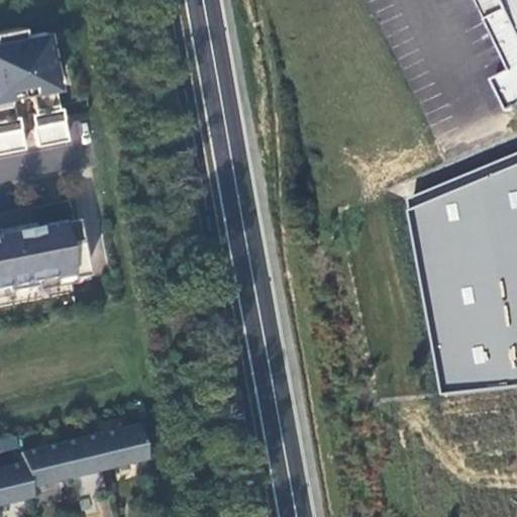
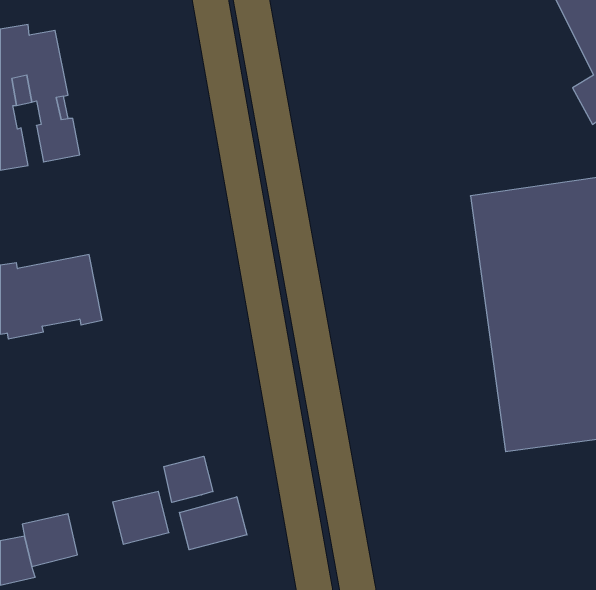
building: none -> [164,456,213,502]
building: none -> [179,497,247,550]
building: [62,432,109,478] -> none

